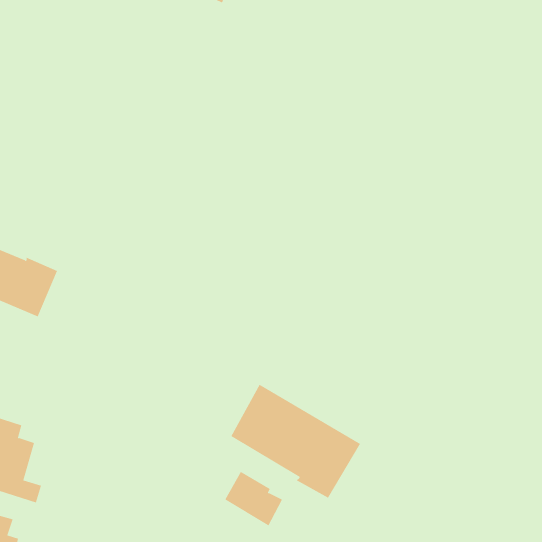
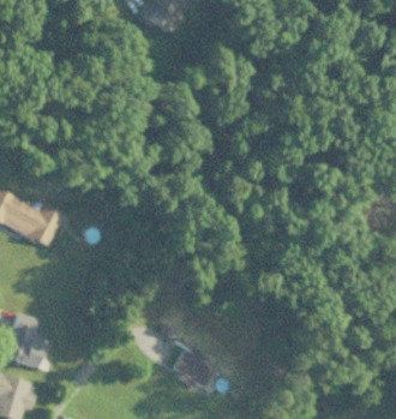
building: [231,384,361,499] -> none

